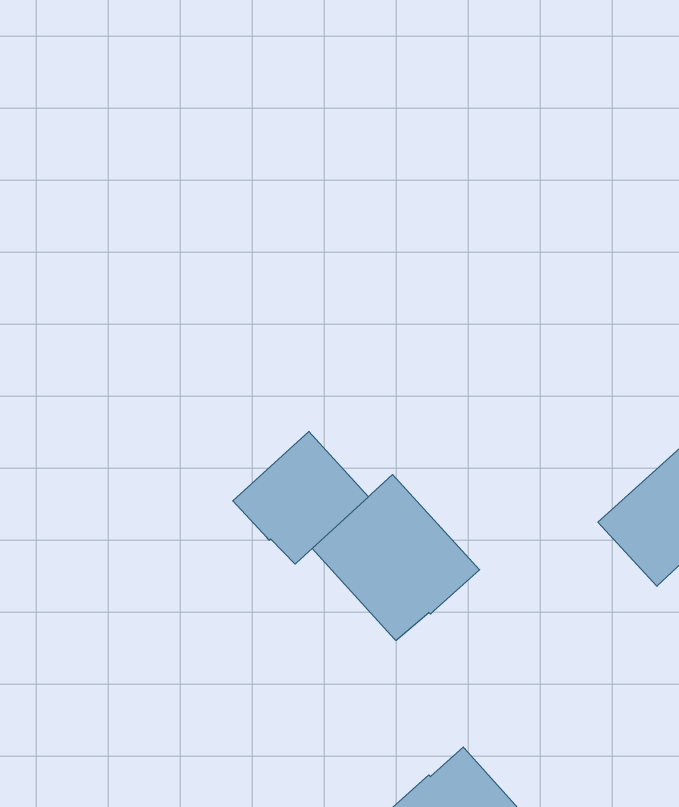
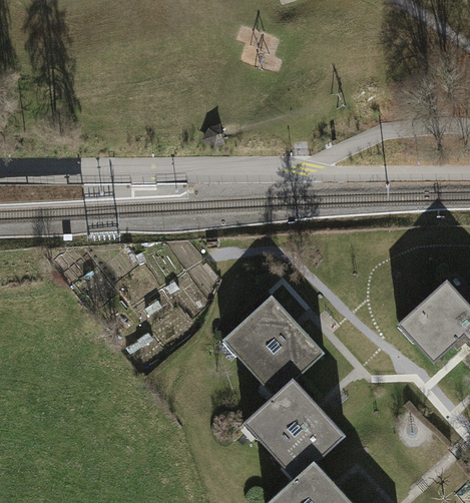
building: [233,431,368,564] -> none
building: none -> [244,380,346,480]

